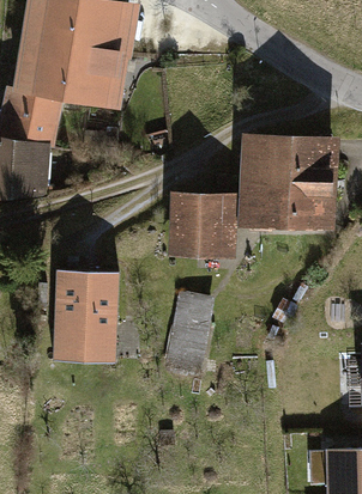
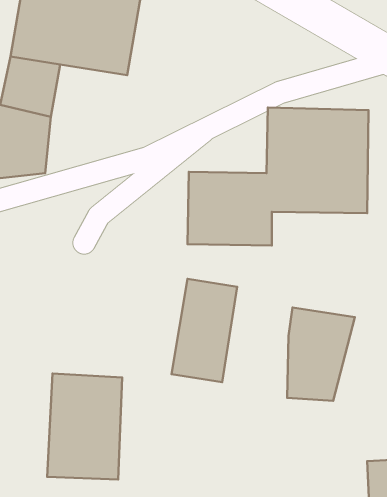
building: [46,269,113,364] -> [47,374,122,479]
building: none -> [287,307,355,401]

